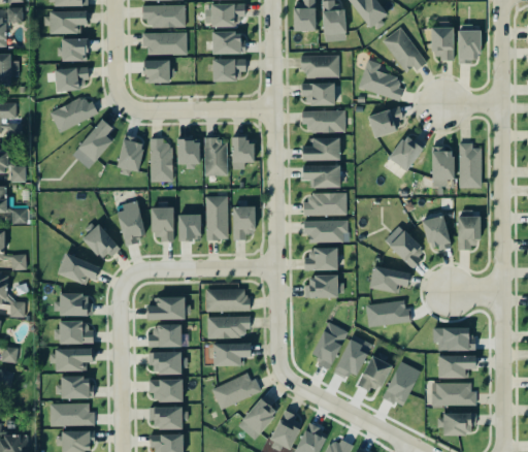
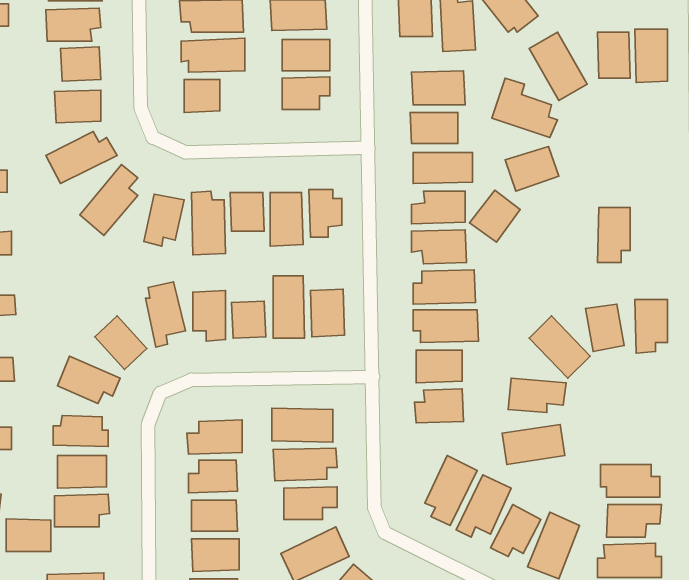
building: [388,134,423,170] -> [470,190,520,242]
building: [459,142,482,187] -> none
building: [61,376,92,398] -> [6,519,51,551]

